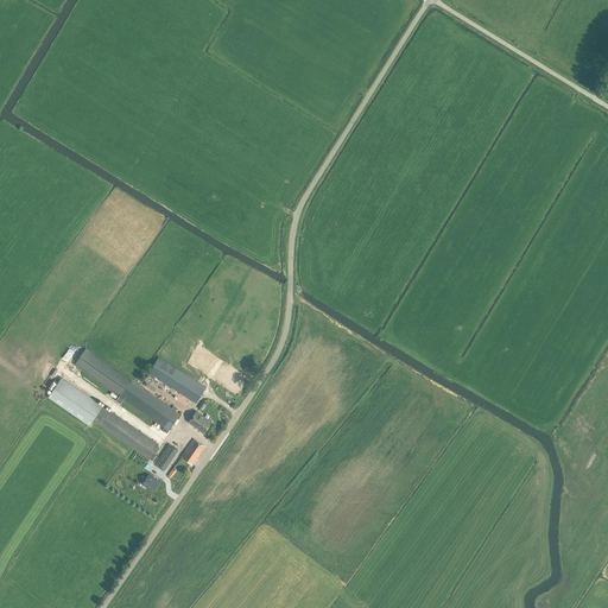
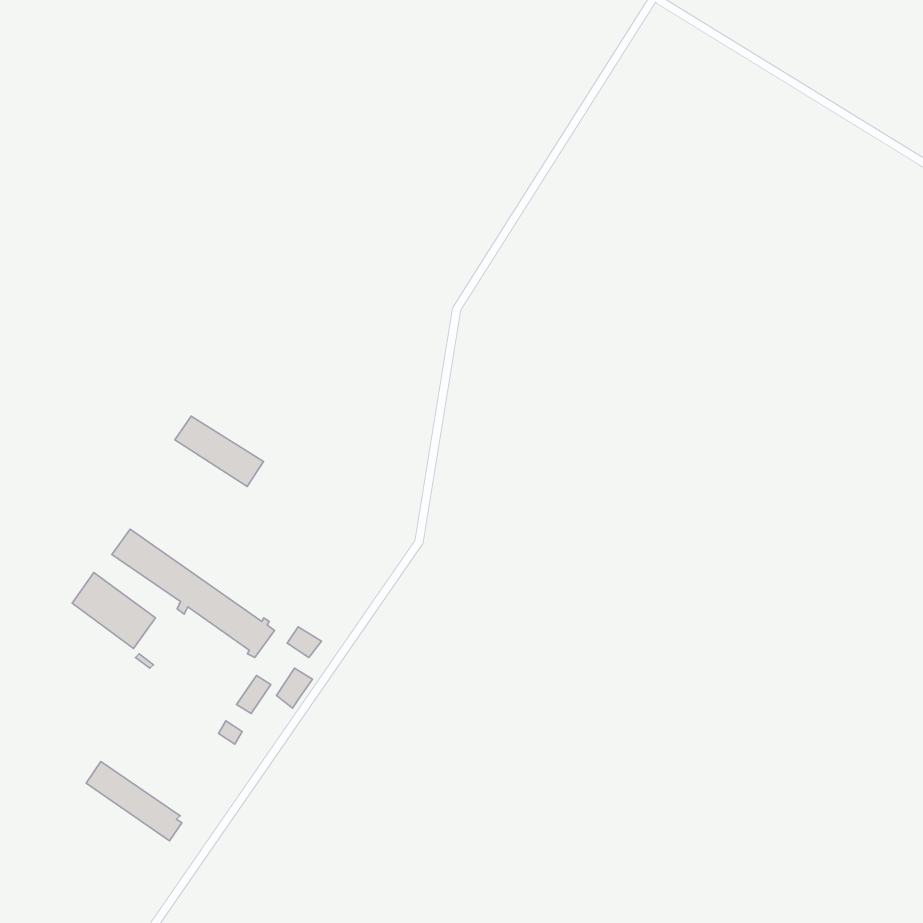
building: [148,357,207,404] -> [175,416,263,487]
building: [97,408,160,461] -> [86,762,182,841]

